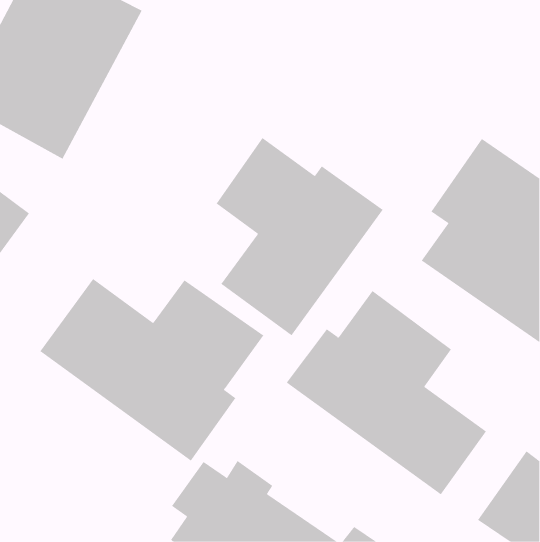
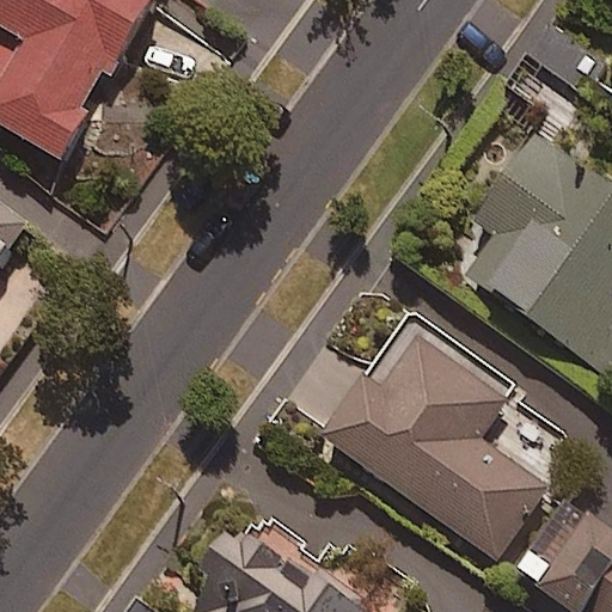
building: [216,137,383,336] -> none
building: [39,278,264,461] -> none

